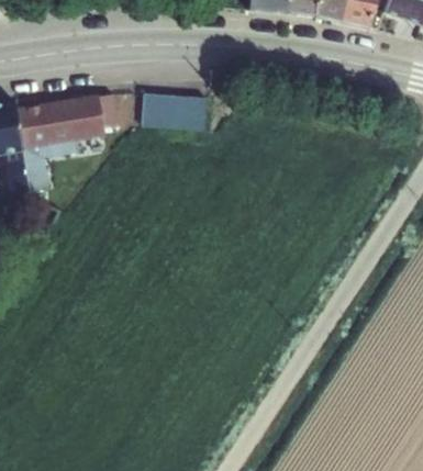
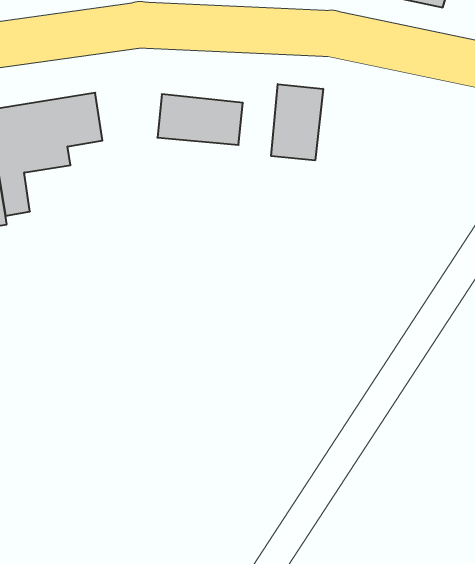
building: none -> [271,84,323,160]

